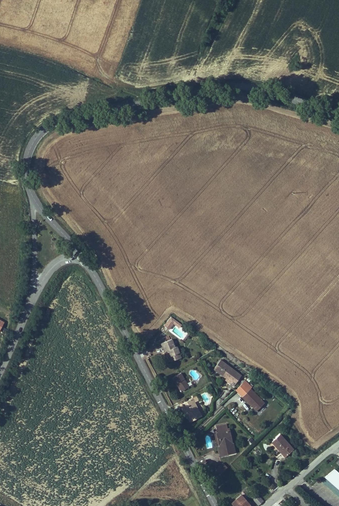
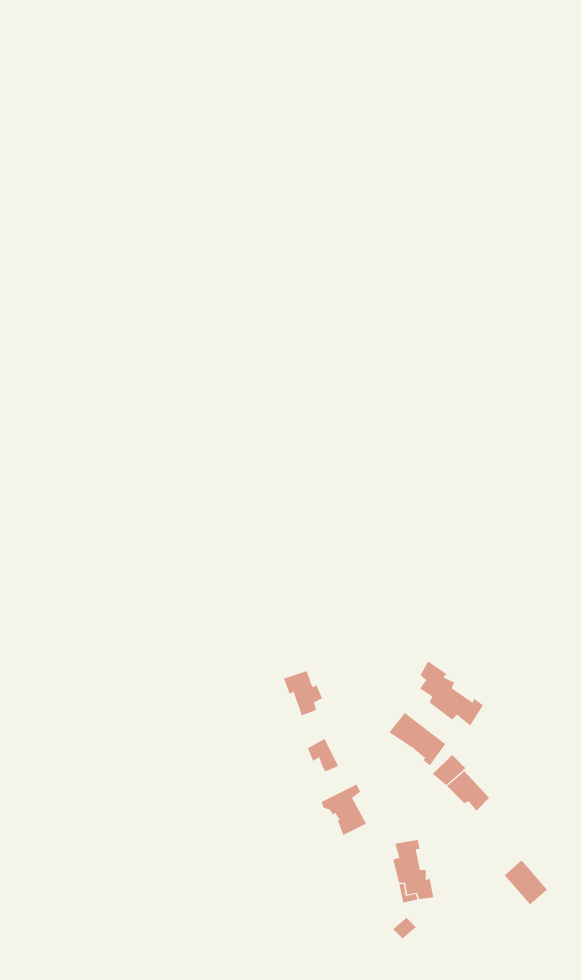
building: none -> [419,660,484,726]

